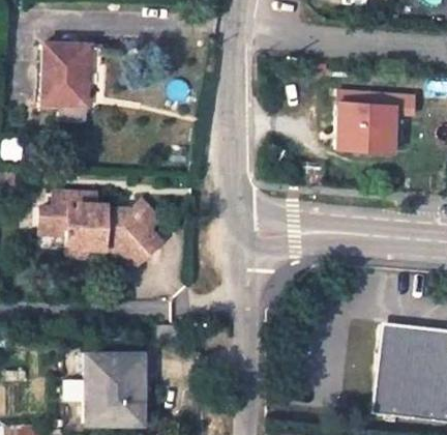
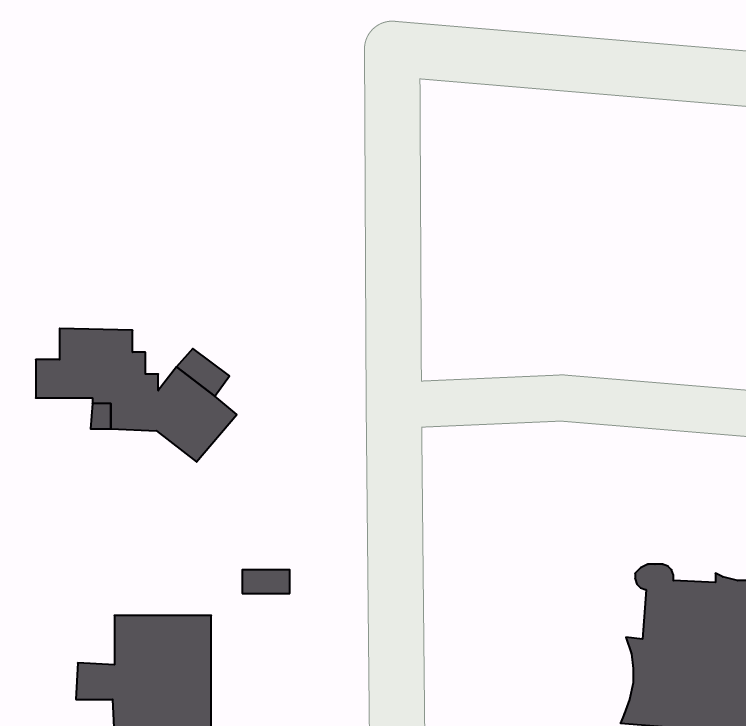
building: [44,45,87,105] -> none
building: [338,102,395,150] -> none

